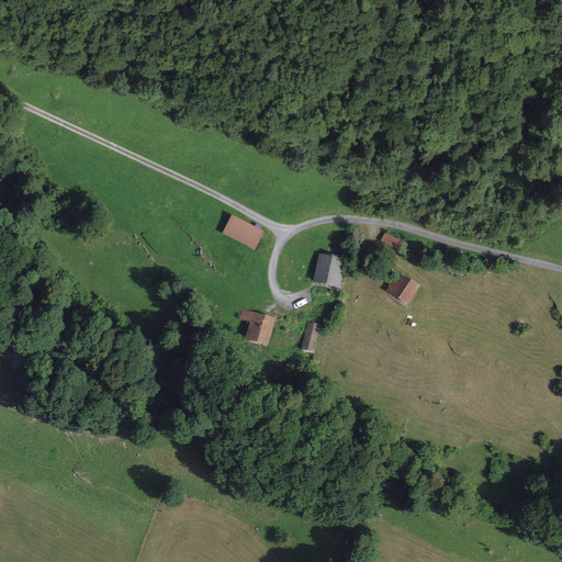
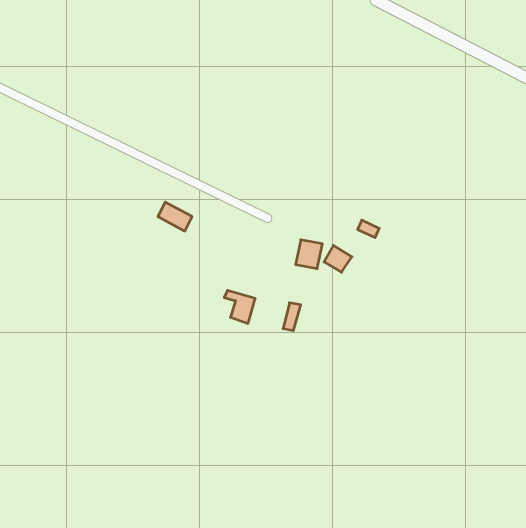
building: [224,217,260,248] -> [158,202,192,231]
building: [387,272,417,301] -> [324,245,352,272]

